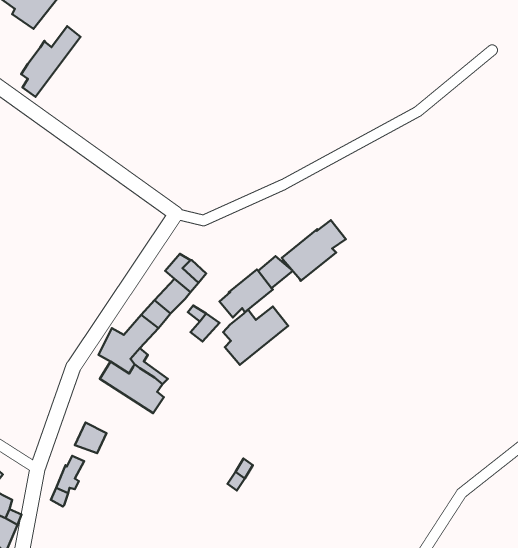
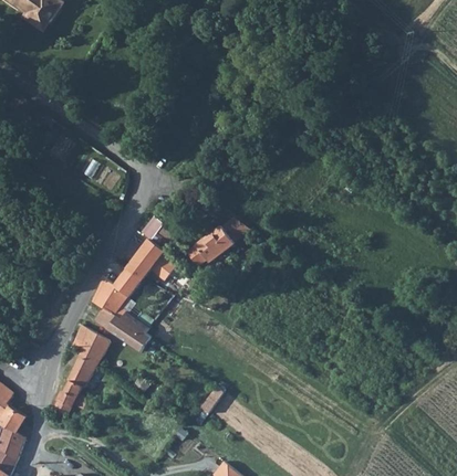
building: [21,26,81,97] -> none
building: [282,220,346,281] -> none
building: [223,306,288,365] -> none
building: none -> [73,326,108,363]

